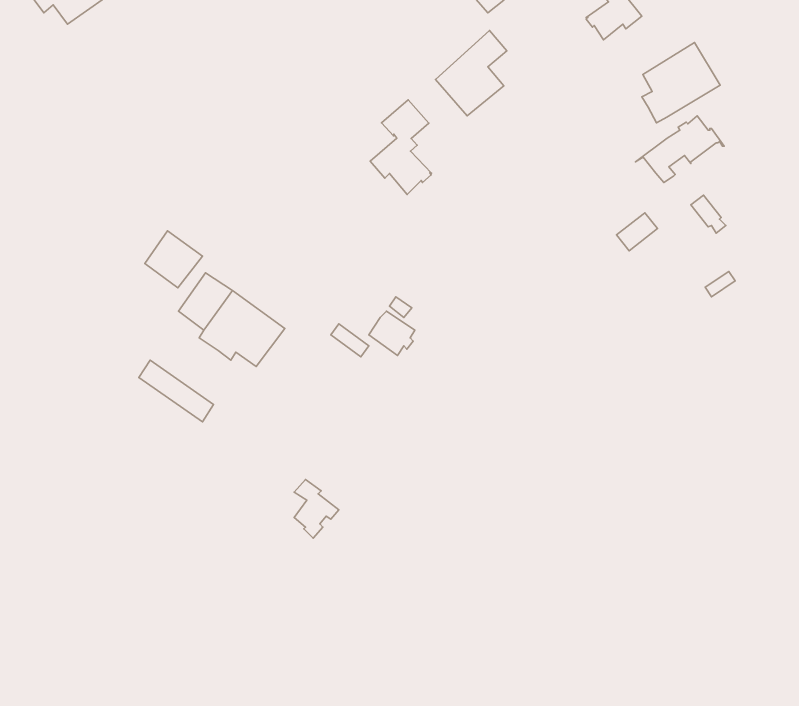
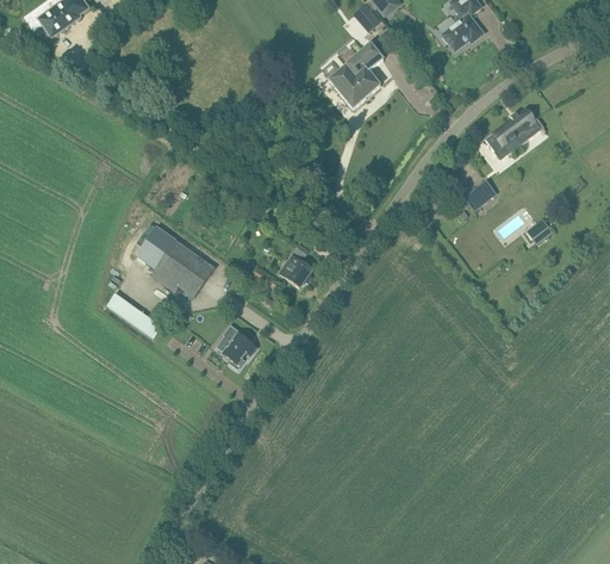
building: [642,43,720,123] -> none
building: [370,100,432,195] -> none
building: [145,231,203,288] -> none
building: [294,480,339,538] -> [223,326,256,370]

